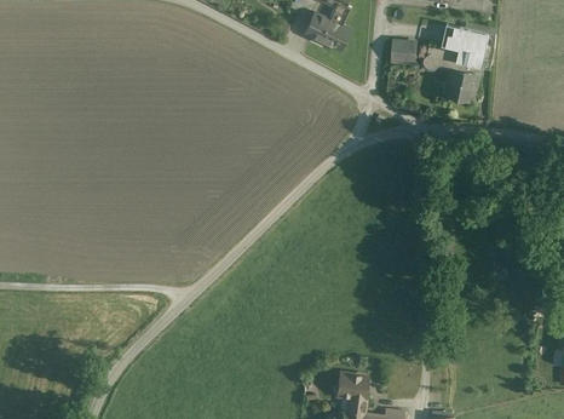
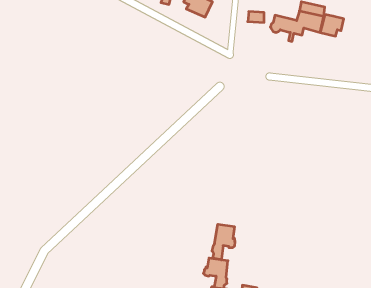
building: [447,71,478,101] -> [320,14,344,36]
building: none -> [212,224,235,260]

